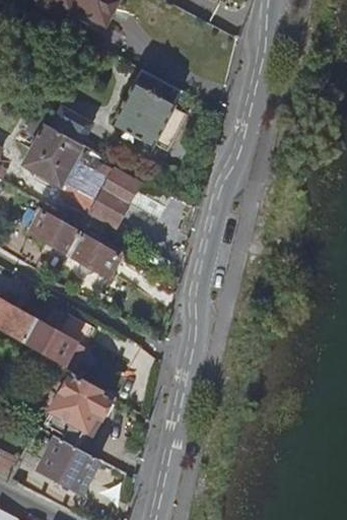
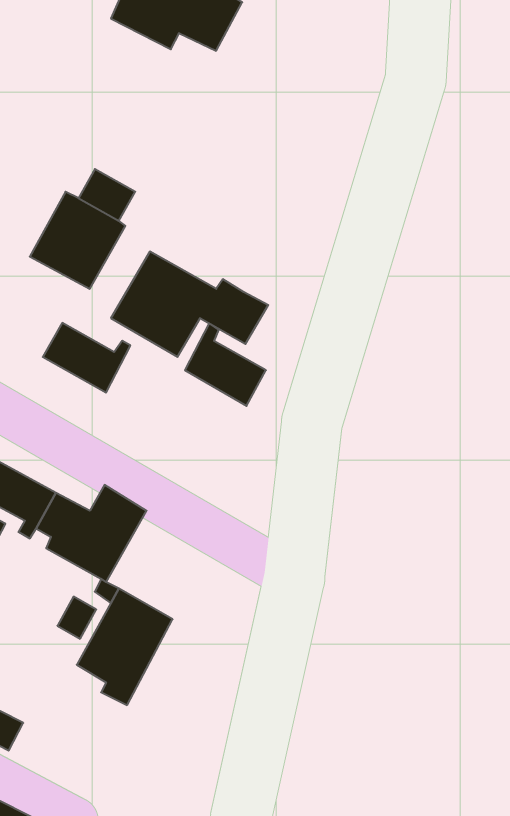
building: [110,72,182,148] -> none
building: [69,223,120,275] -> [185,323,266,406]
building: [39,435,97,490] -> none

